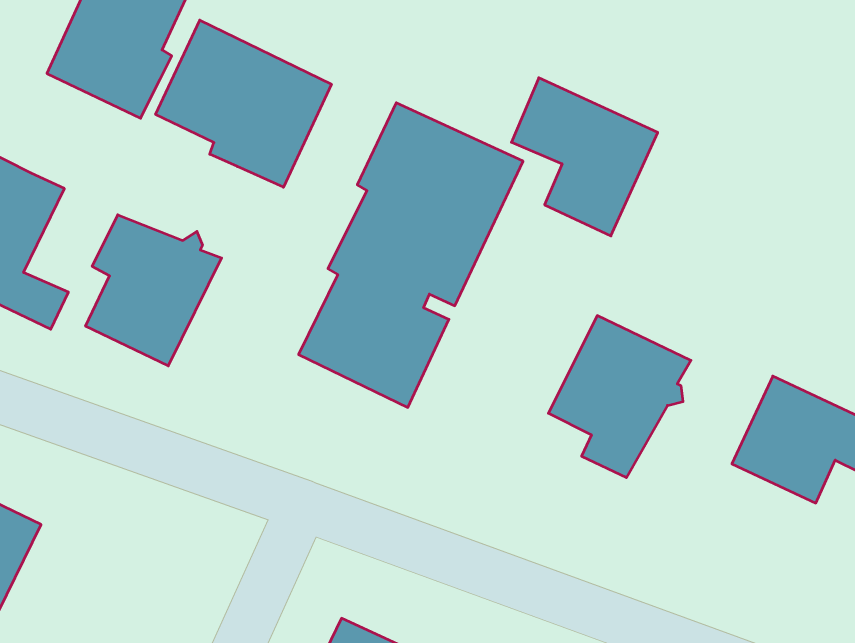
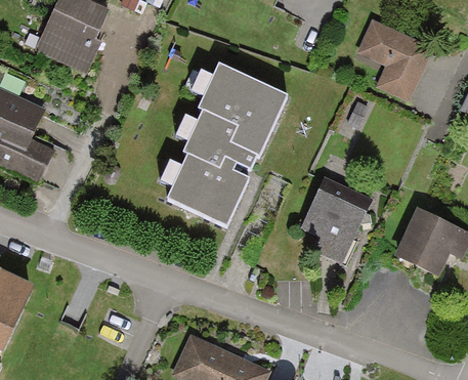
building: [156,20,331,187] -> none
building: [511,78,658,236] -> [357,17,434,100]
building: [86,215,222,366] -> none

